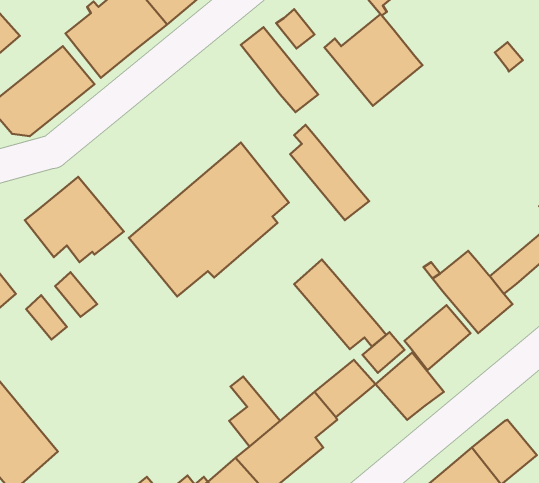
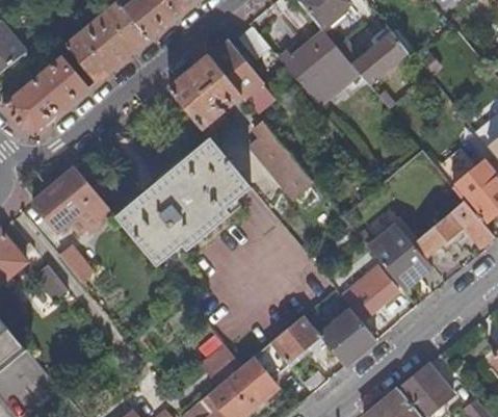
building: none -> [351,33,408,86]
building: none -> [168,57,241,130]
building: [294,259,386,349] -> none

